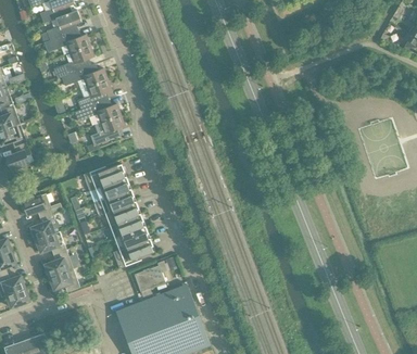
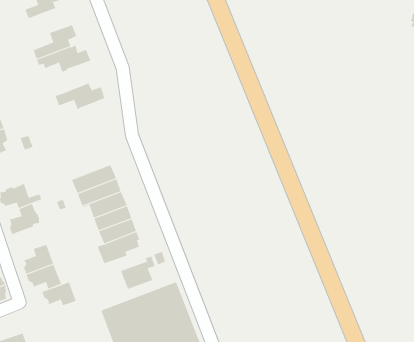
building: [42,29,89,52] -> none
building: [76,78,111,109] -> none
building: [90,113,124,143] -> none
building: [83,163,125,189] -> none
building: [33,230,65,253] -> [42,281,77,306]

